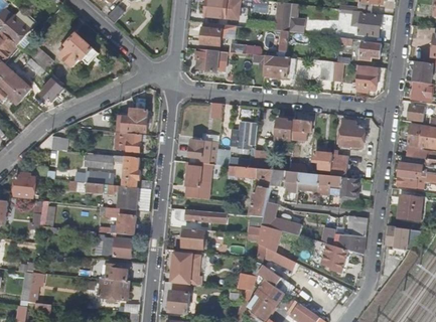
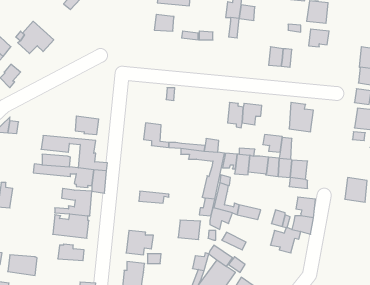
building: [195,48,226,71] -> none
building: [263,56,288,77] -> none
building: [355,64,376,90] -> none
building: [128,101,147,132] -> none
building: [238,122,257,149] -> none
building: [184,162,211,199] -> none
building: [397,163,418,188] -> none
building: [387,226,414,250] -> none
building: [181,228,204,249] -> [178,220,201,240]
building: [99,279,129,300] -> [8,255,37,275]

